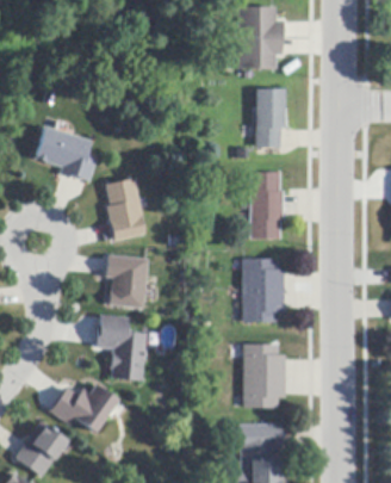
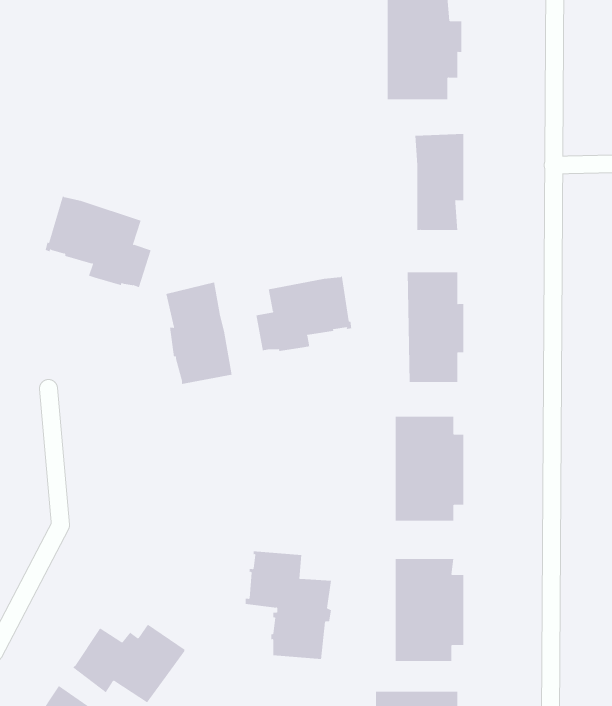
building: none -> [256,275,352,352]
building: [106,255,149,309] -> none
building: [95,315,148,380] -> [245,551,332,659]

